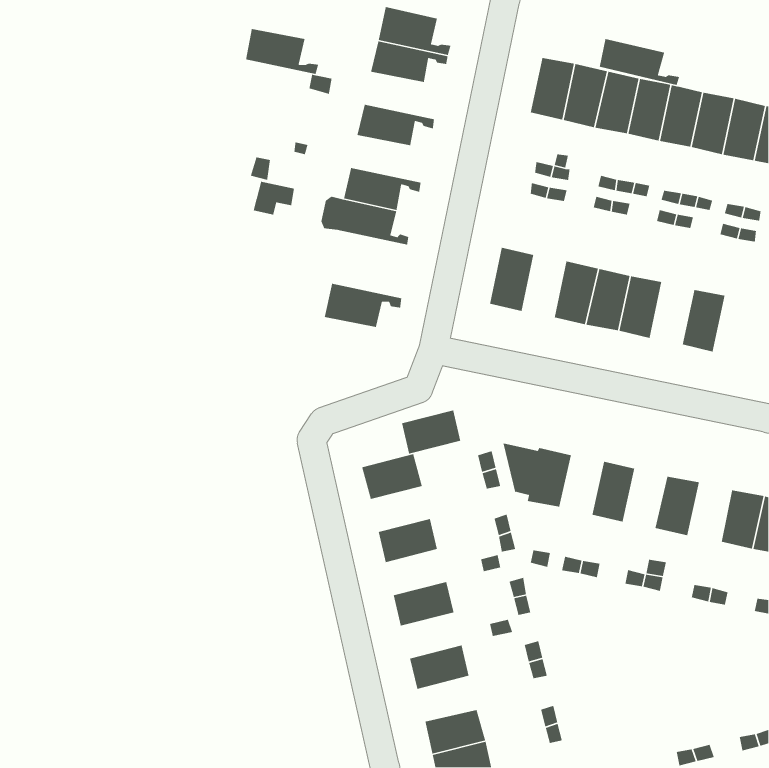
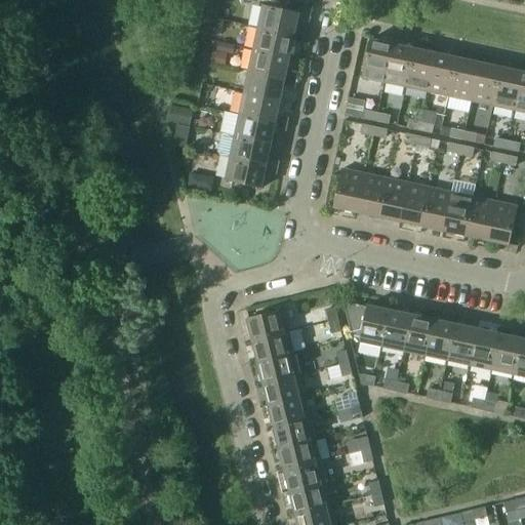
building: [245,28,319,75] -> [248,49,298,81]
building: [599,38,680,86] -> none
building: none -> [239,92,288,124]
building: none -> [356,173,386,216]
building: none -> [443,192,473,235]
building: [324,283,402,328] -> [225,157,278,188]
building: none -> [486,201,517,244]
building: [401,409,461,455] -> [252,331,293,362]
building: none -> [381,310,411,351]
building: none -> [425,319,454,360]
building: none -> [469,328,498,369]
building: none -> [262,374,305,405]
building: none -> [273,417,315,448]
building: none -> [284,460,325,491]

